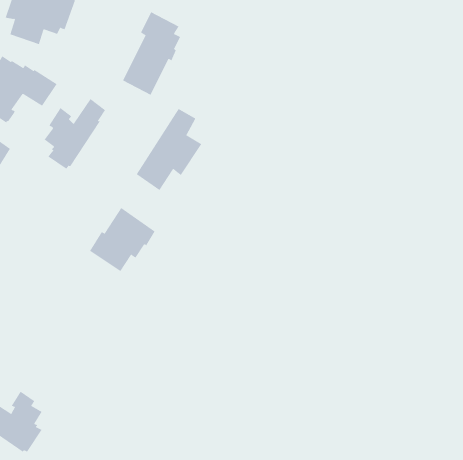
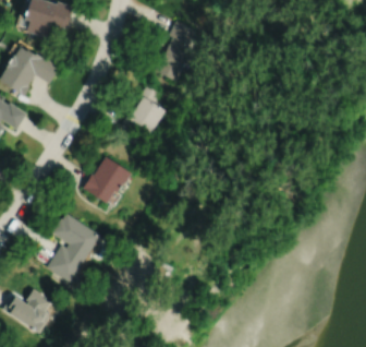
building: [122,11,181,96] -> [157,21,199,82]
building: [44,98,106,170] -> none
building: none -> [48,215,101,284]

